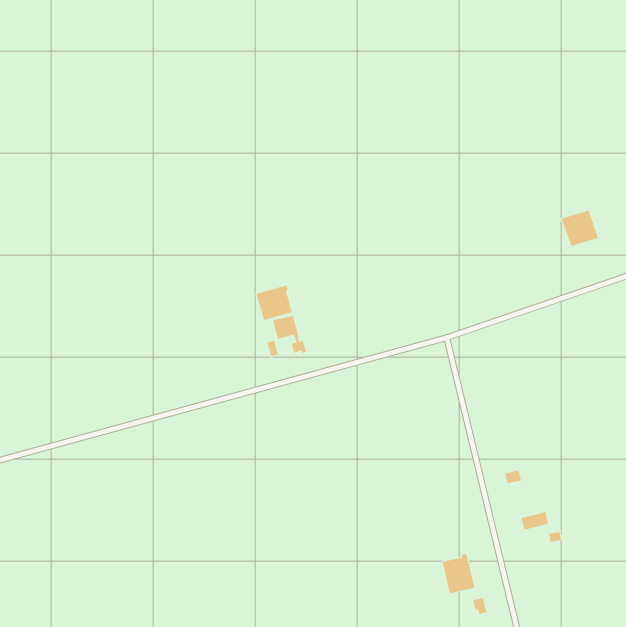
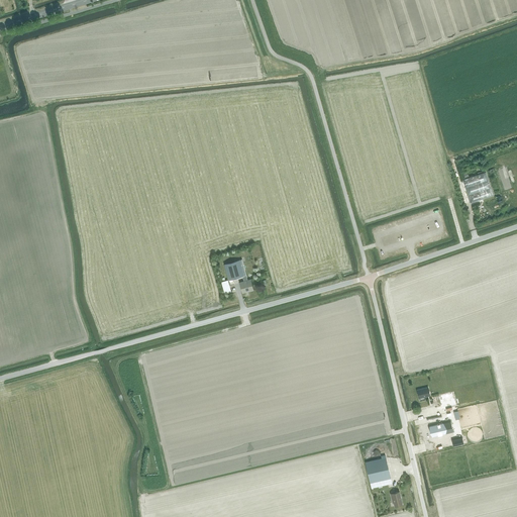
building: [256,285,292,321] -> none

